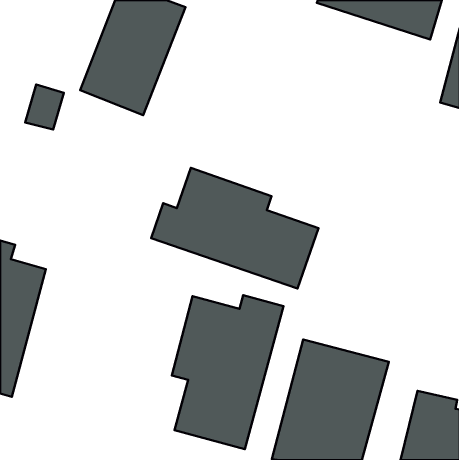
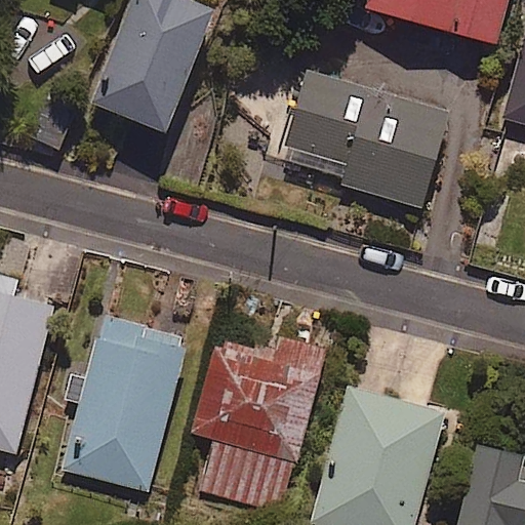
building: none -> [276,67,449,205]
building: [151,168,318,289] -> none
building: none -> [62,317,187,491]

